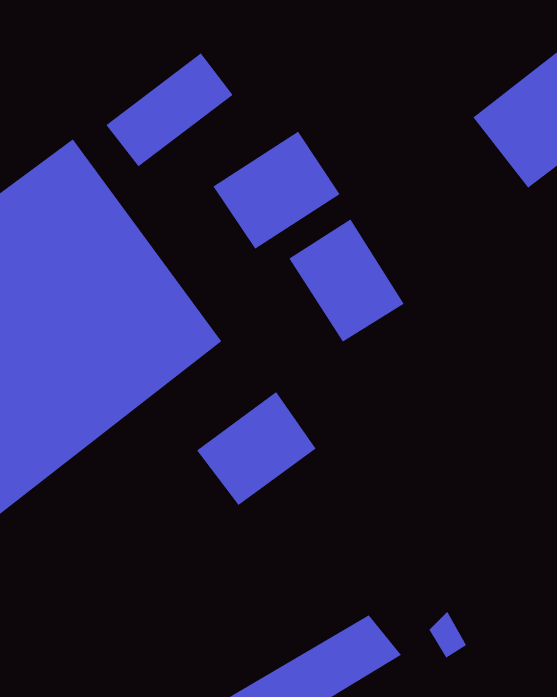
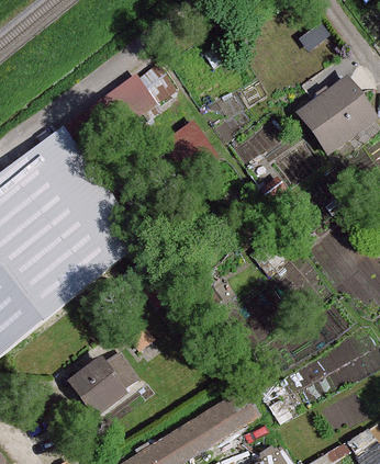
building: [289,218,404,343] -> none
building: [196,391,317,506] -> [70,350,139,416]

